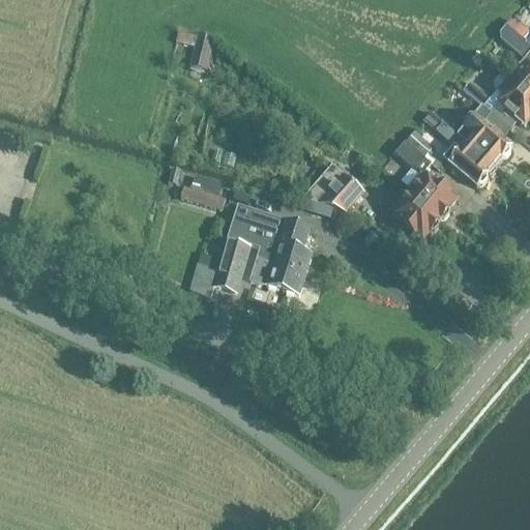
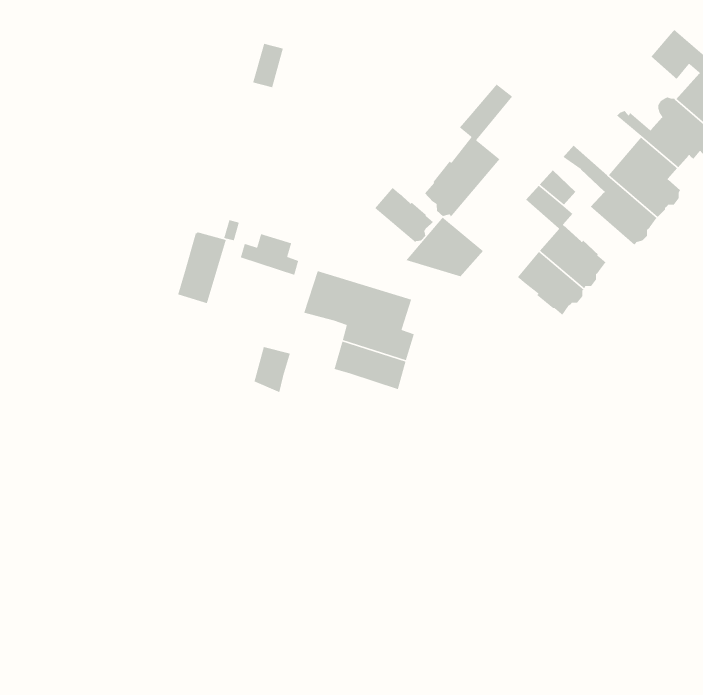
building: none -> [424,84,513,218]
building: none -> [374,187,434,243]
building: [214,235,252,290] -> [177,231,227,304]

